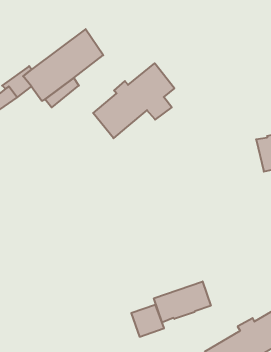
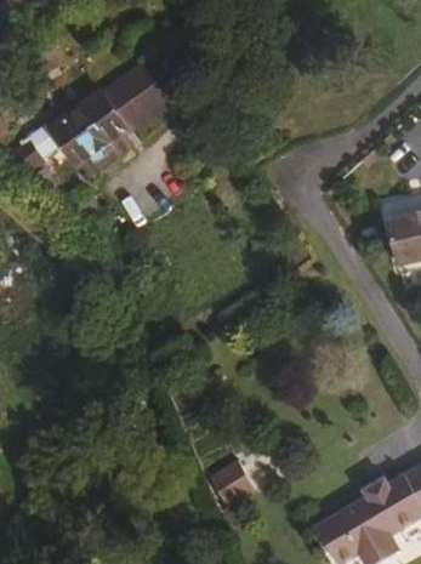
building: [93,63,174,138] -> none
building: [154,281,211,323] -> none

